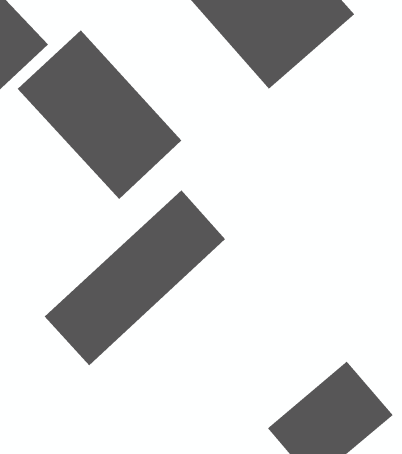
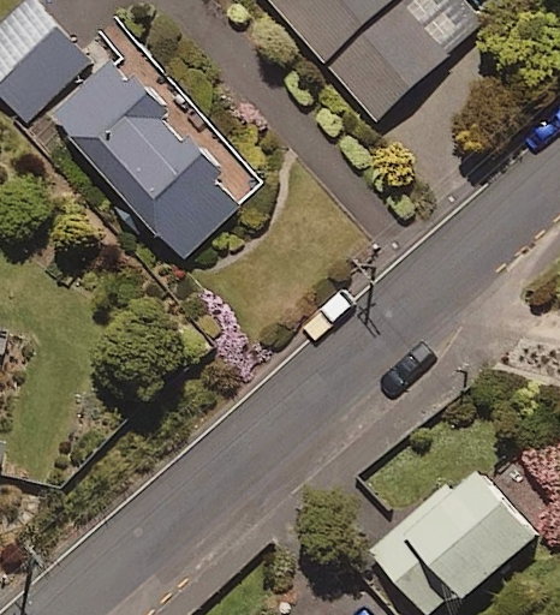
building: [44,189,226,366] -> none

